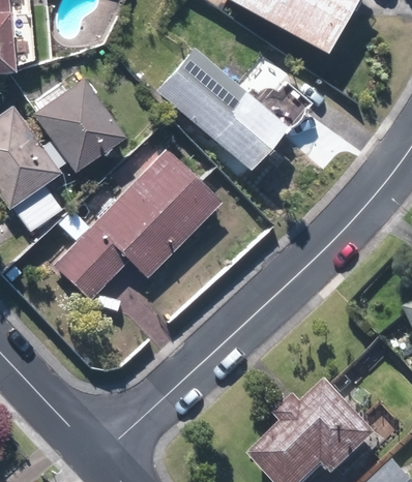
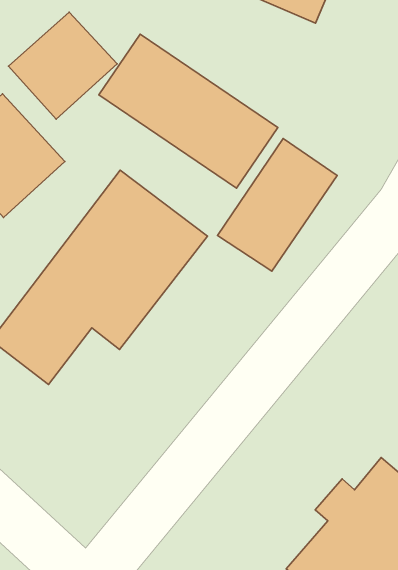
building: none -> [8,12,117,119]
building: none -> [217,138,337,271]

